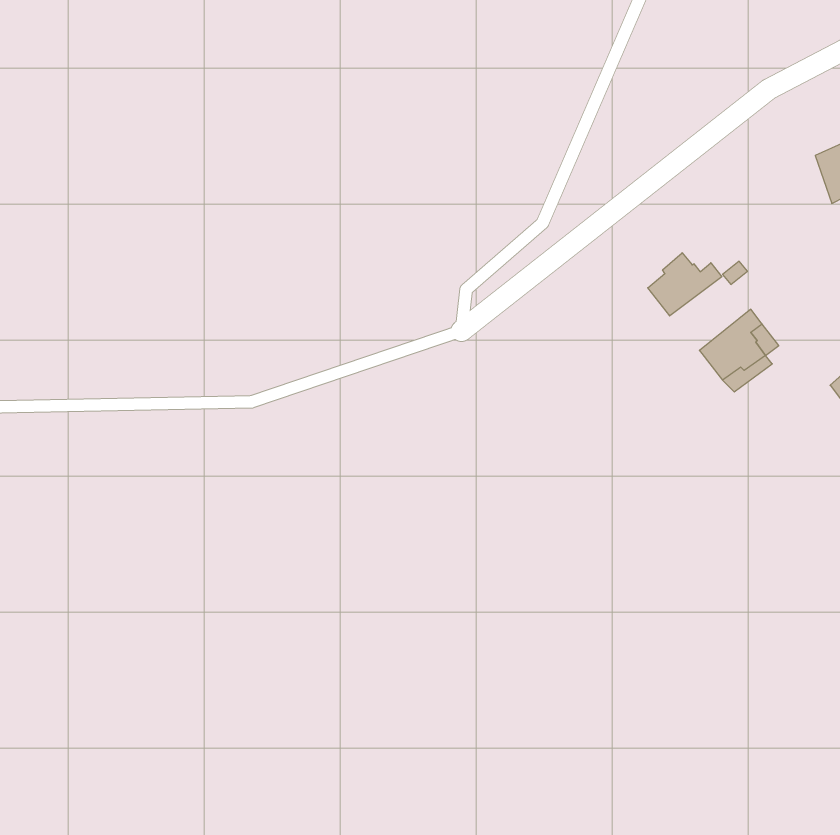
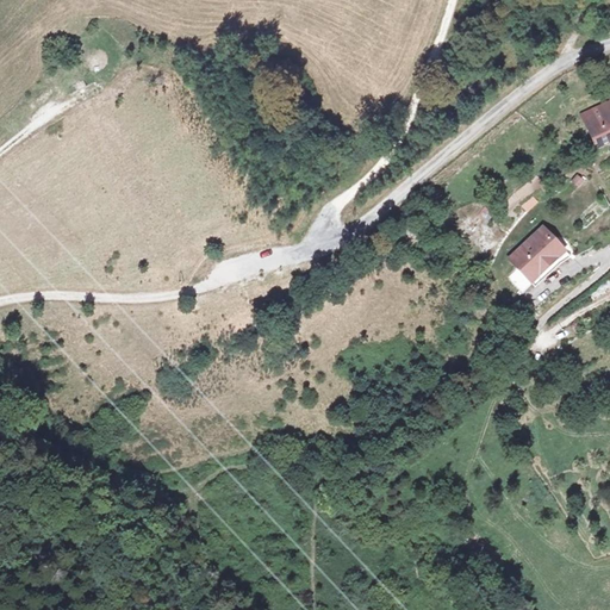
building: [648,253,722,316] -> none

